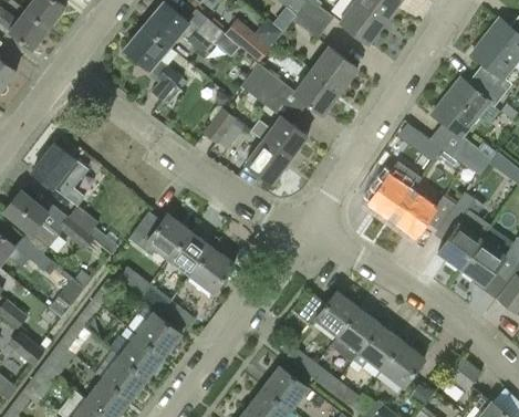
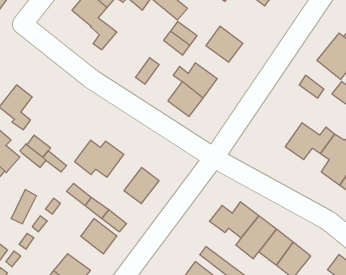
building: [311,46,357,92] -> none
building: [369,163,414,221] -> none
building: [169,231,212,277] -> none
building: [120,334,165,377] -> none

